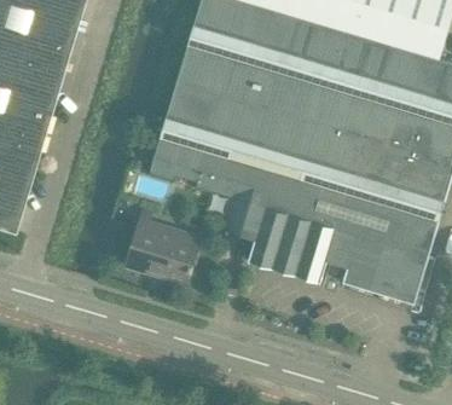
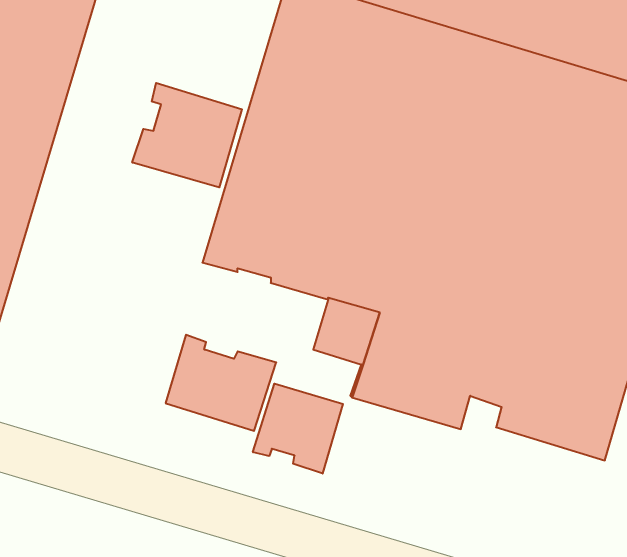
building: none -> [132,83,242,187]
building: none -> [253,384,343,474]

